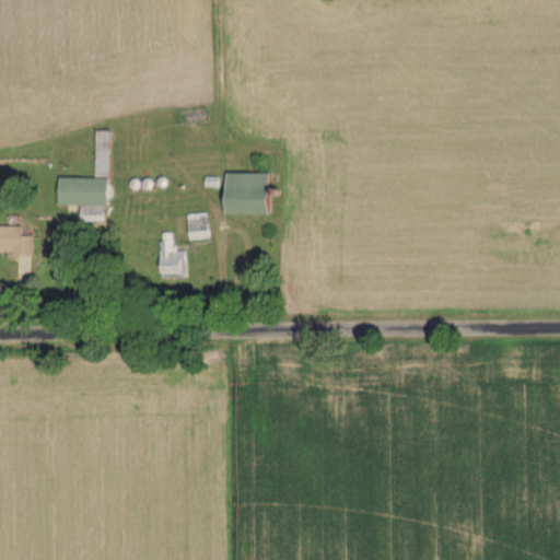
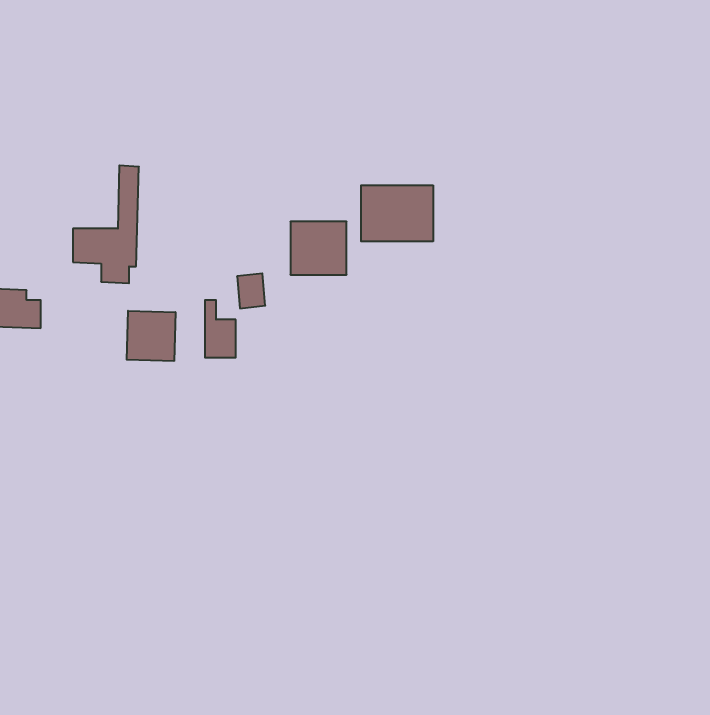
building: none -> [361,185,433,241]
building: none -> [127,311,175,361]

